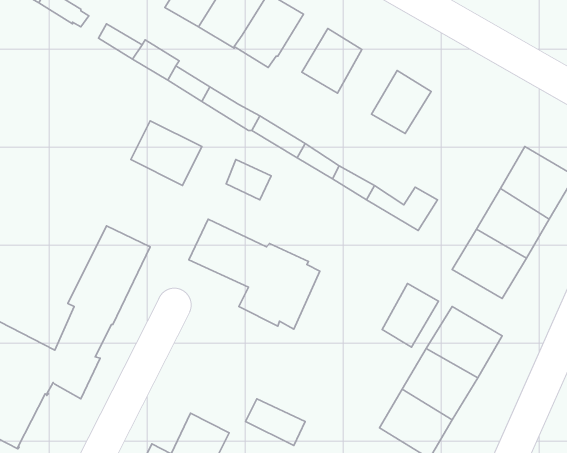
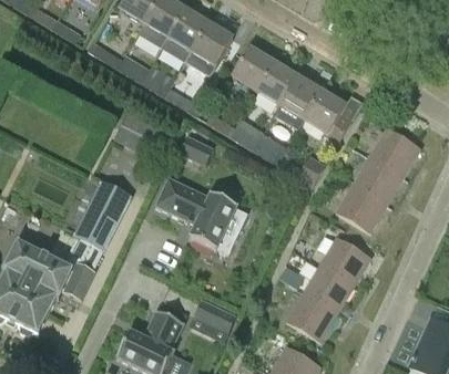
building: none -> [257,61,298,105]
building: none -> [304,90,361,142]
building: [382,283,439,347] -> none

